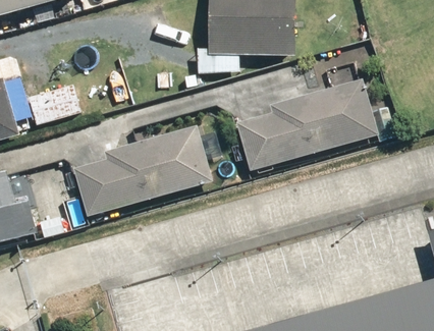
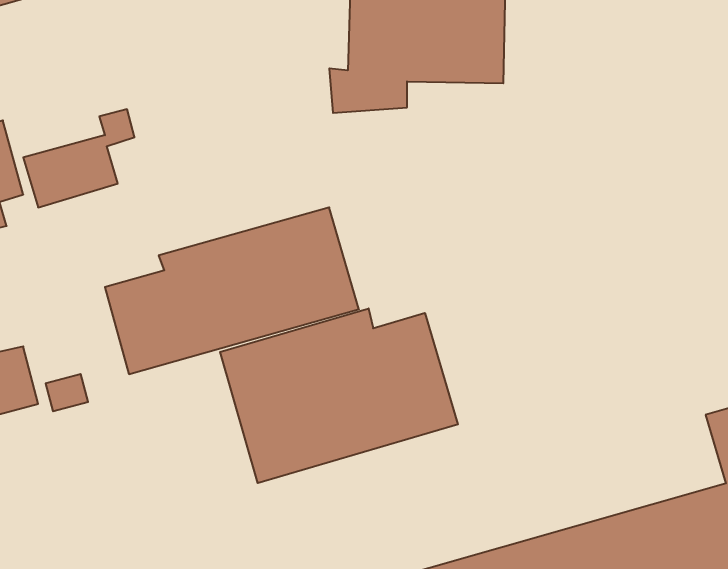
building: [235,77,396,170] -> none
building: none -> [220,308,458,483]

